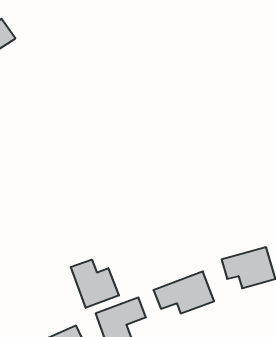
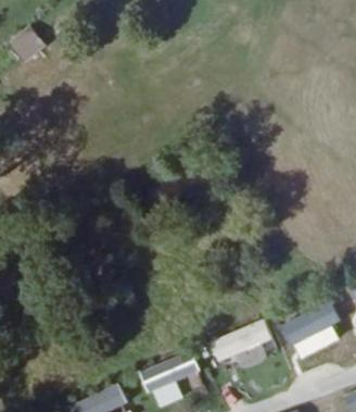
building: [71,260,119,308] -> none

